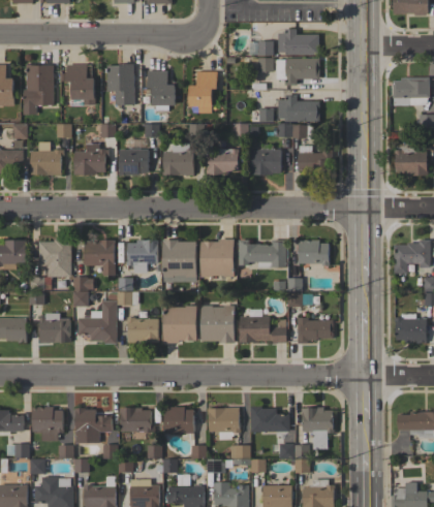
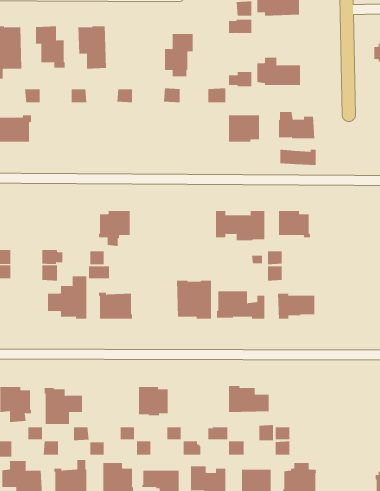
building: [276,58,319,85] -> none
building: [147,70,175,110] -> none
building: [277,123,312,138] -> [280,149,316,166]
building: [73,144,107,175] -> none
building: [161,144,196,176] -> none
building: [119,149,148,176] -> none
building: [206,149,239,176] -> none
building: [38,239,70,277] -> none
building: [200,239,234,277] -> none
building: [83,240,115,276] -> none
building: [162,240,196,282] -> none
building: [163,306,196,343] -> none
building: [38,313,70,342] -> none
building: [119,407,154,433] -> none
building: [207,407,240,440] -> none
building: [301,407,334,449] -> none

